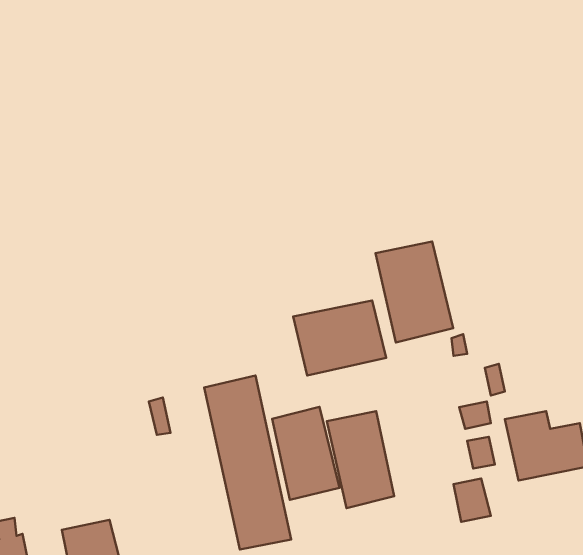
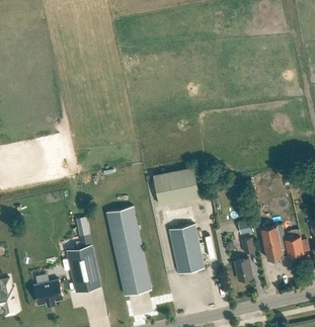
building: [376,242,453,342] -> none
building: [272,407,339,500] -> [66,245,100,293]

